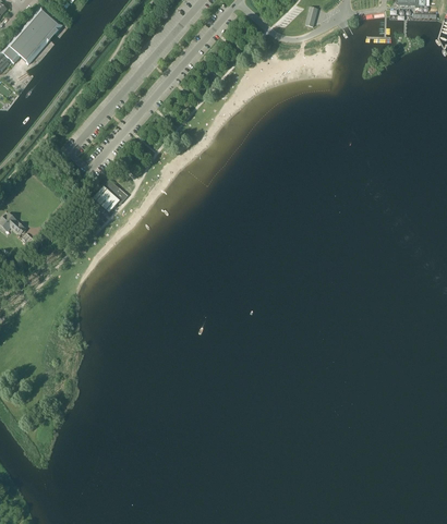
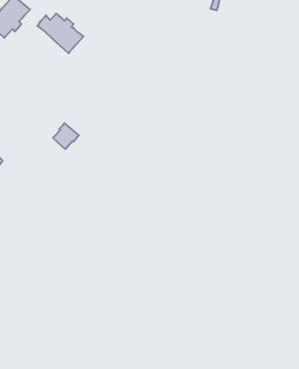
building: none -> [37,14,83,53]

